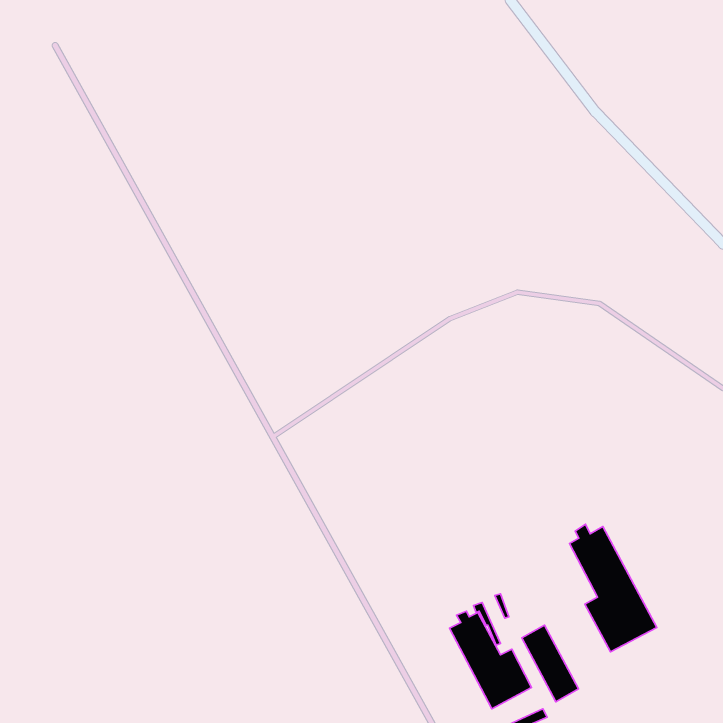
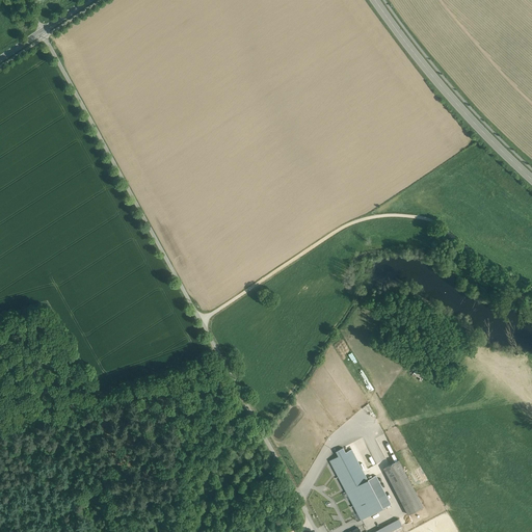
building: [569,524,657,652] -> none

